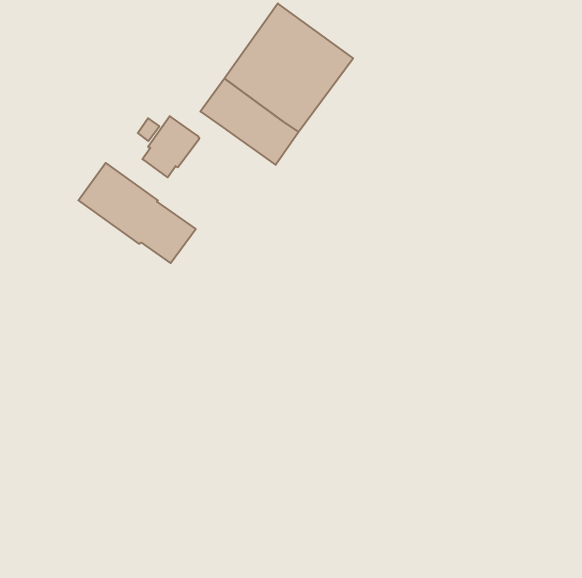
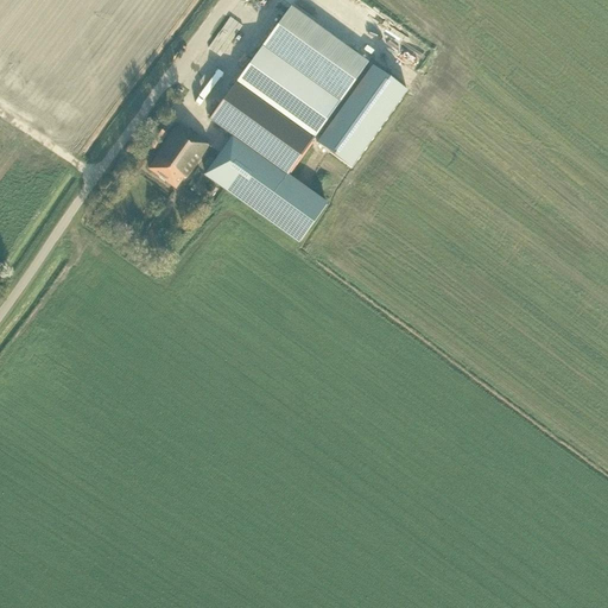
building: none -> [319,65,410,167]
building: [78,163,196,263] -> [204,133,327,238]

